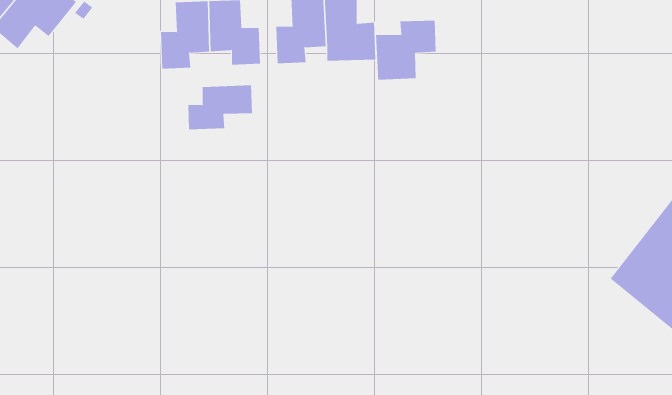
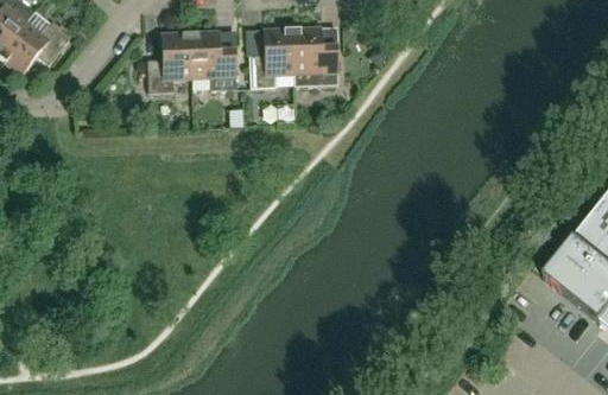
building: [375,20,436,80] -> none
building: [188,84,253,130] -> none

